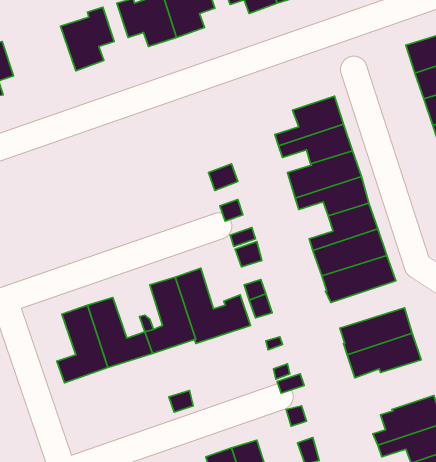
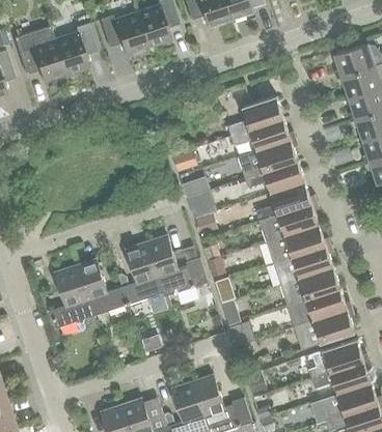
building: none -> [15,28,65,83]
building: none -> [273,247,333,285]
building: none -> [293,311,354,350]

